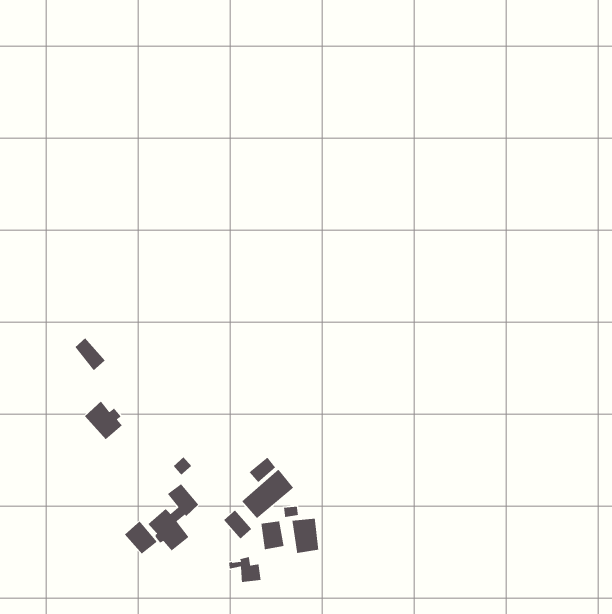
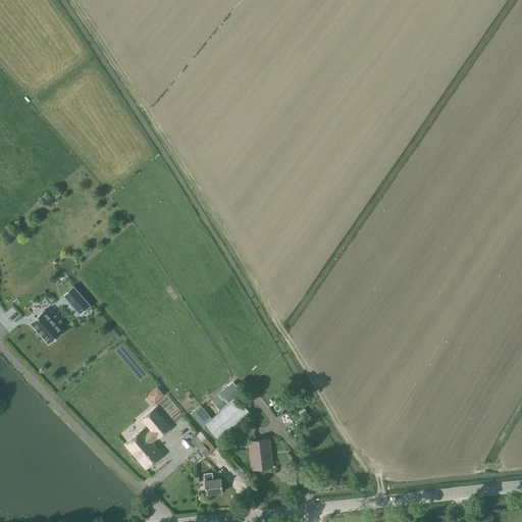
building: [84,400,123,440] -> [31,310,63,344]
building: [124,520,158,554] -> none
building: [260,521,284,550] -> none

